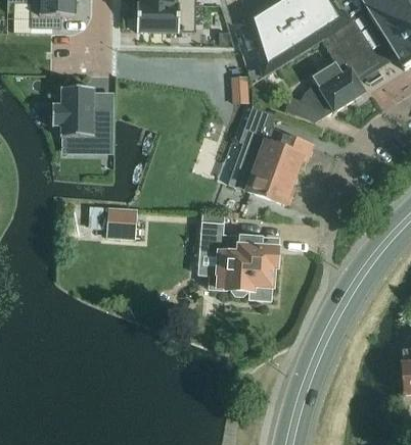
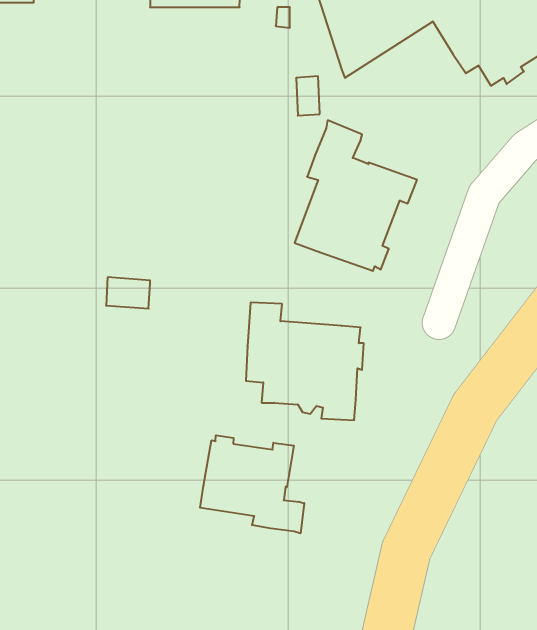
building: [285,61,366,114] -> none
building: [52,87,110,148] -> none
building: none -> [200,435,304,533]

